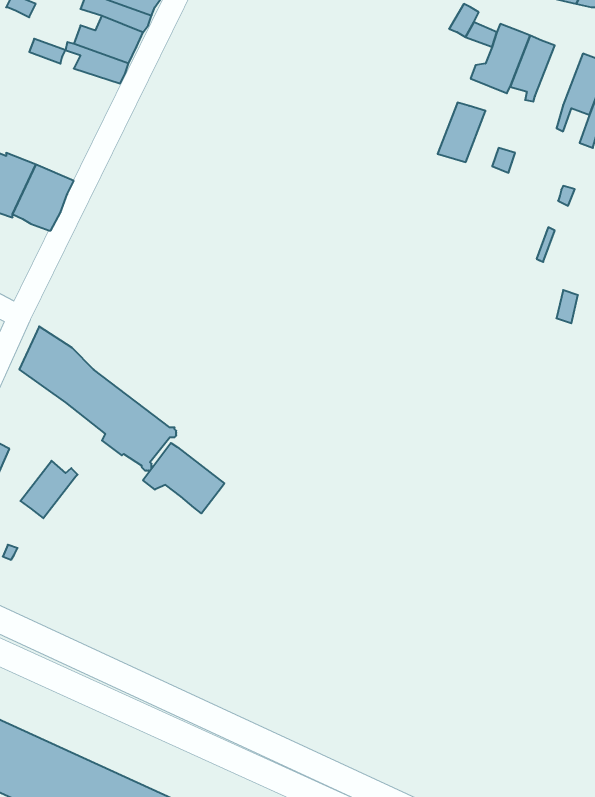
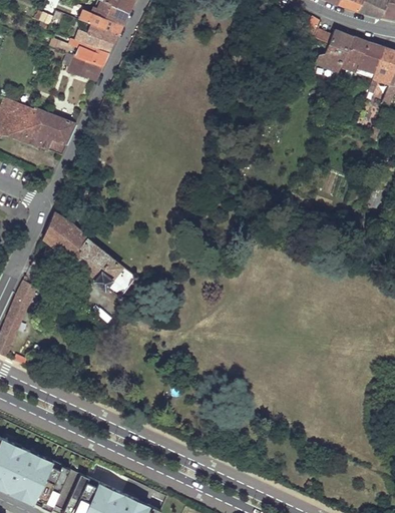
building: none -> [67,55,103,82]
building: [438,103,486,162] -> [355,42,384,78]
building: [143,443,224,513] -> none
building: [20,461,78,518] -> none

